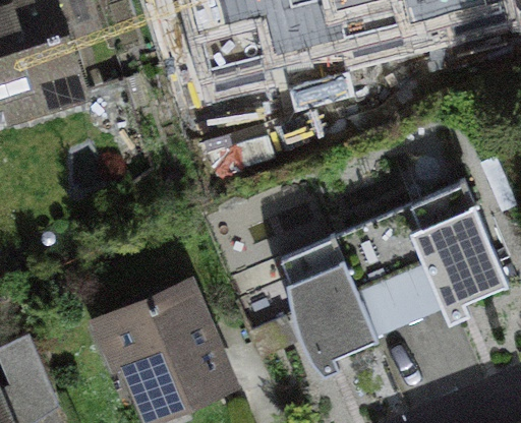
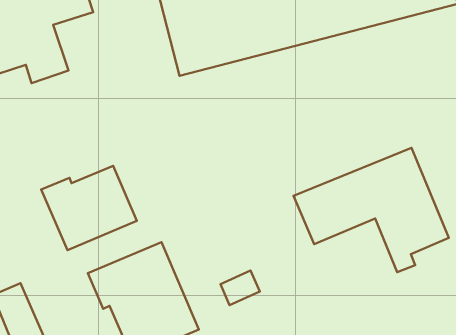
building: none -> [41,166,137,250]
building: [280,238,377,376] -> none

